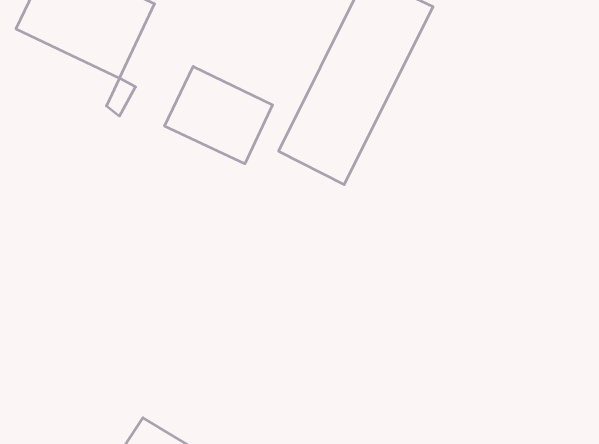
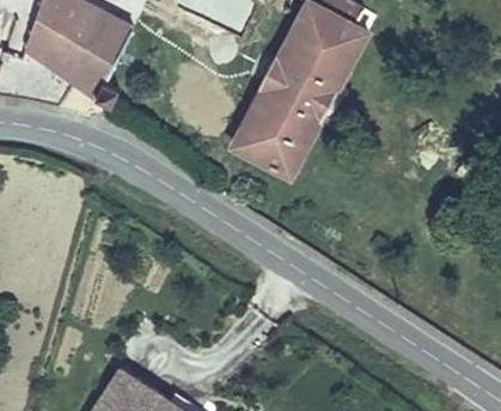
building: [165,66,273,164] -> none

